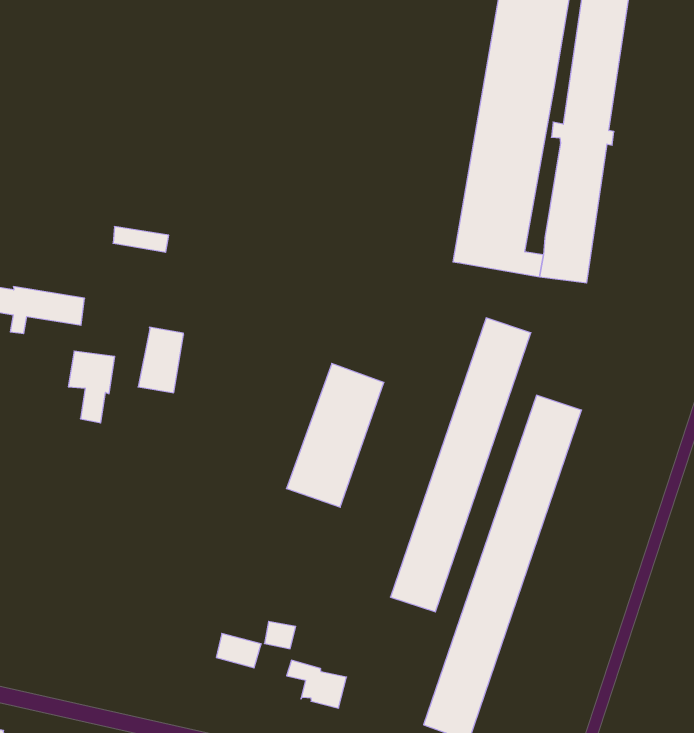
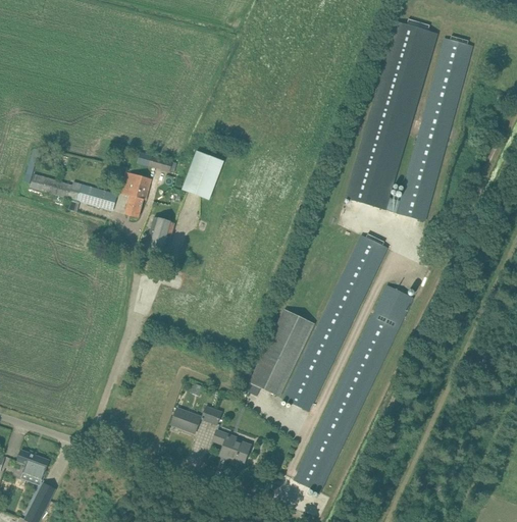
building: none -> [182,150,224,200]
building: [68,351,115,423] -> [120,171,151,217]
building: [286,363,384,507] -> [248,308,315,397]

